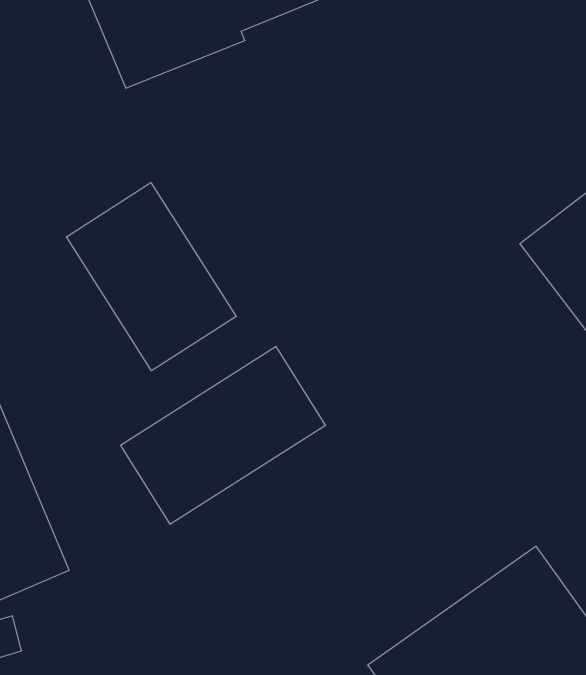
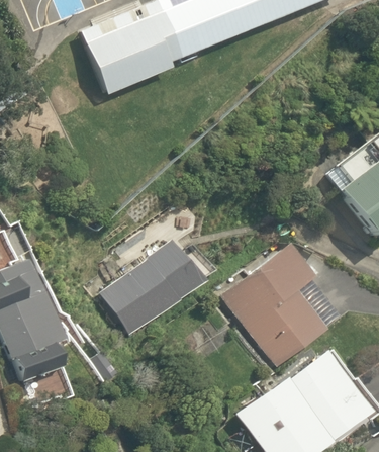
building: [66,183,236,371] -> none
building: none -> [220,240,343,370]

